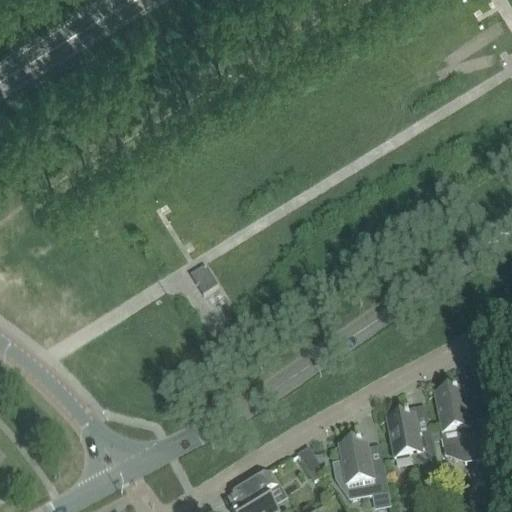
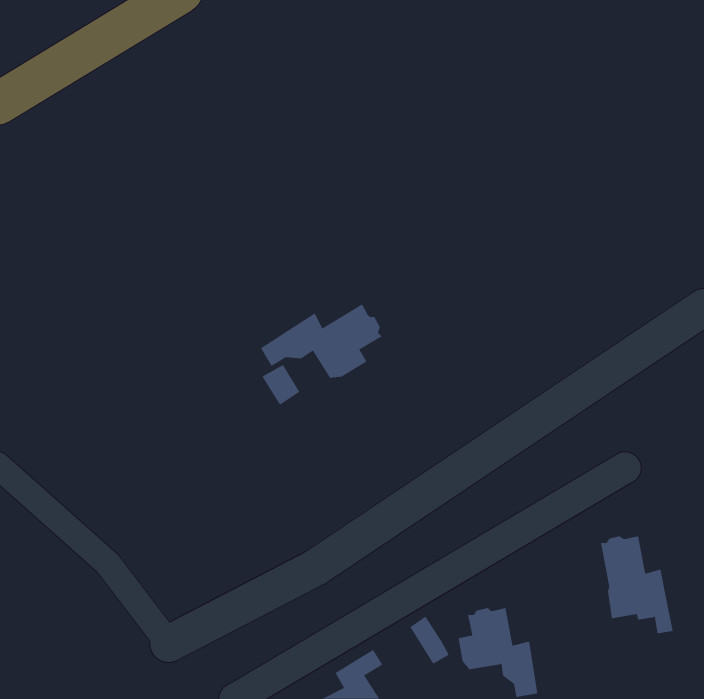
building: none -> [260,303,382,379]
building: [386,413,436,471] -> none

